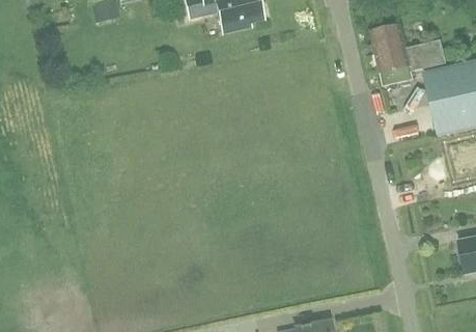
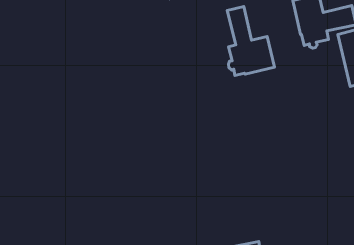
building: none -> [227,7,274,75]

